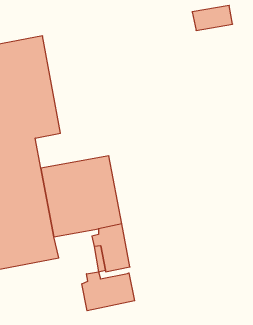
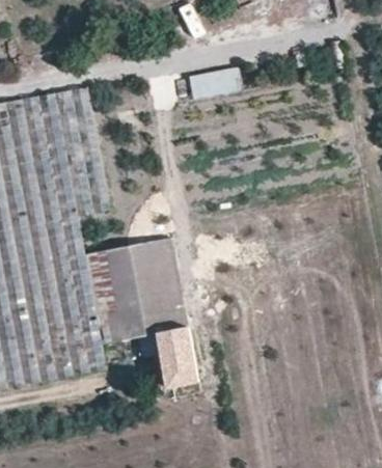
building: [192,5,233,30] -> [188,68,240,101]
building: [82,272,135,311] -> none

